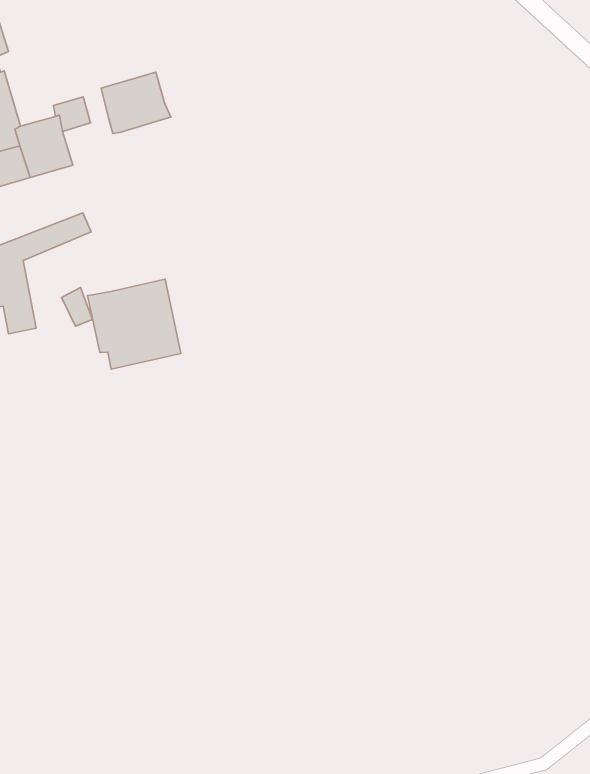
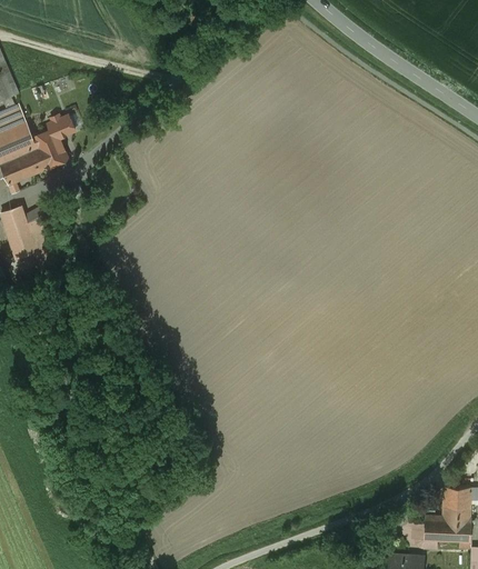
building: [101,72,171,133] -> none
building: [87,279,181,369] -> none

